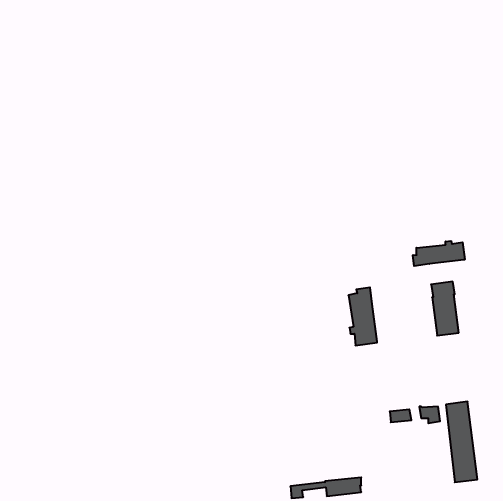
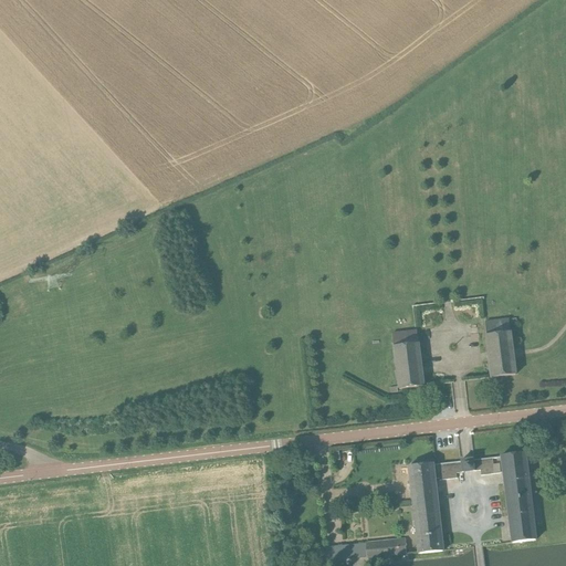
building: [413,241,465,266] -> none
building: none -> [408,462,443,553]

